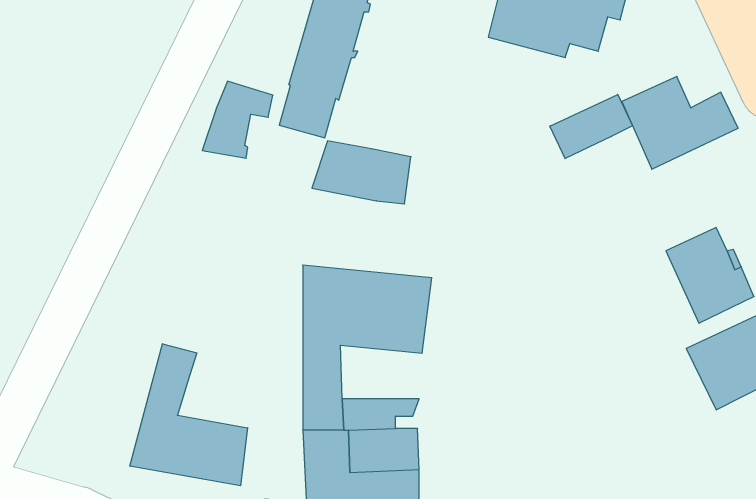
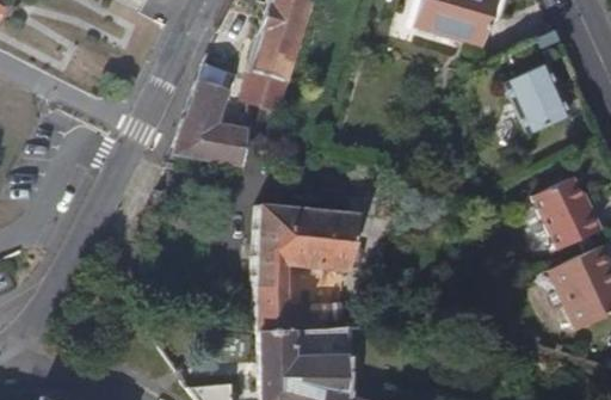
building: [550,94,632,159] -> none
building: [312,141,411,204] -> [172,118,247,166]
building: [130,344,248,486] -> none

